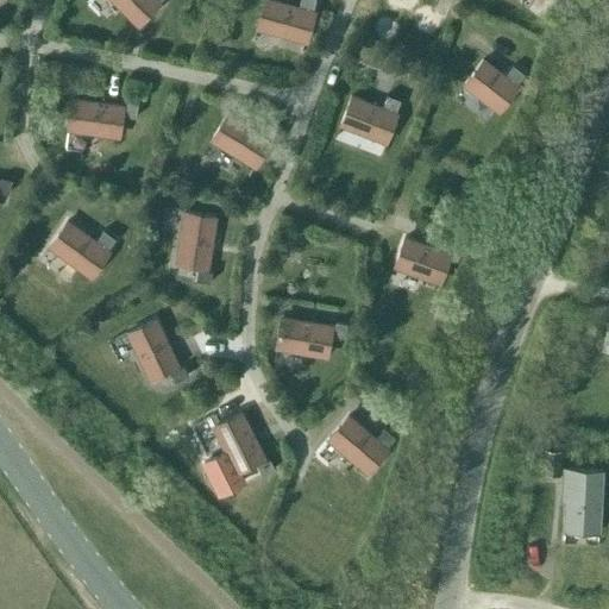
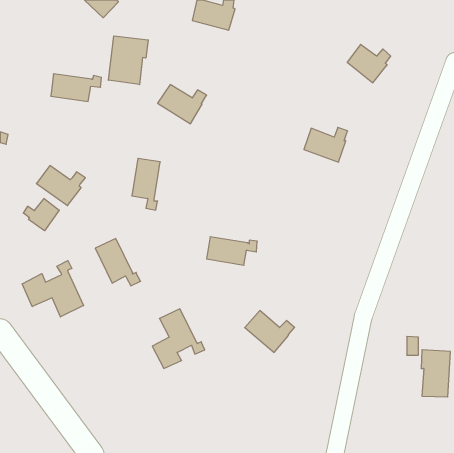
building: none -> [108,36,148,85]
building: [341,96,401,144] -> none
building: [395,238,453,284] -> [304,127,348,162]
building: none -> [23,199,59,231]
building: none -> [22,261,84,317]

